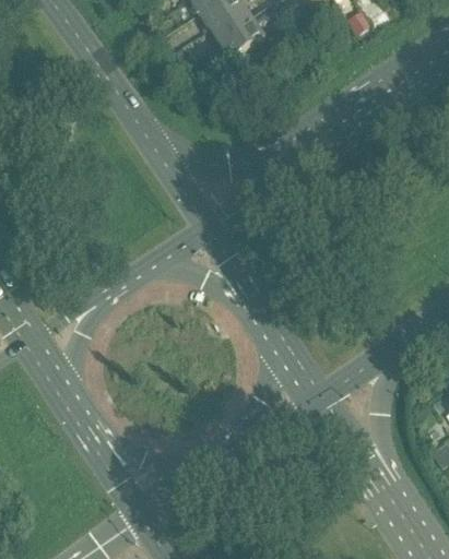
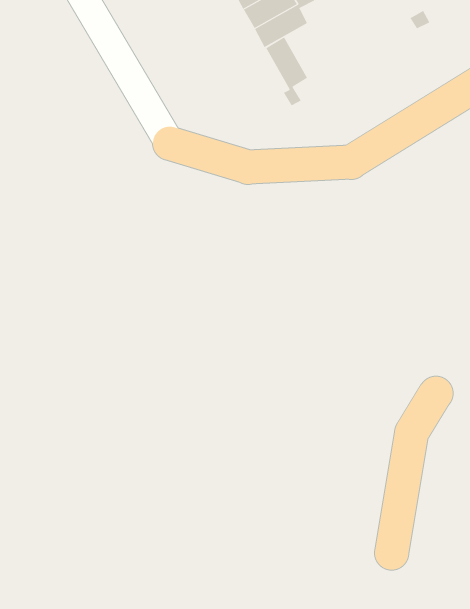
building: none -> [266,36,308,106]

